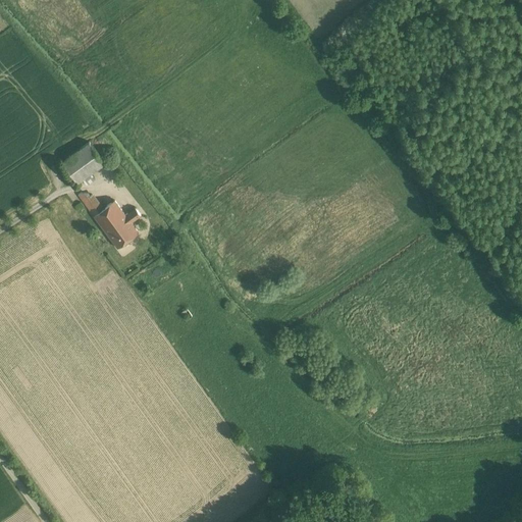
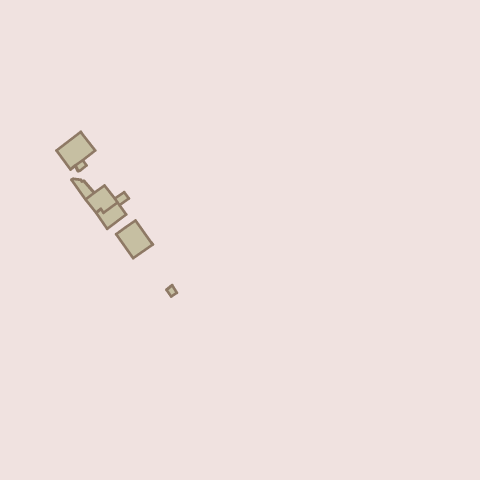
building: none -> [116,220,153,258]

